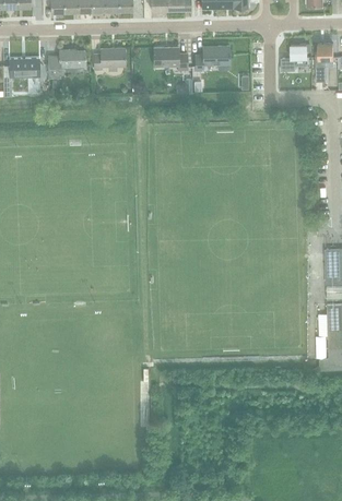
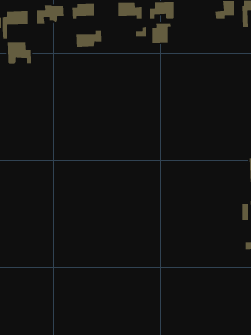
building: none -> [152,23,172,44]
building: none -> [75,30,102,48]
building: none -> [7,42,32,65]

